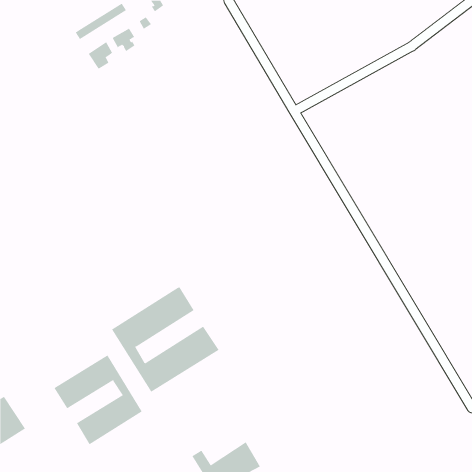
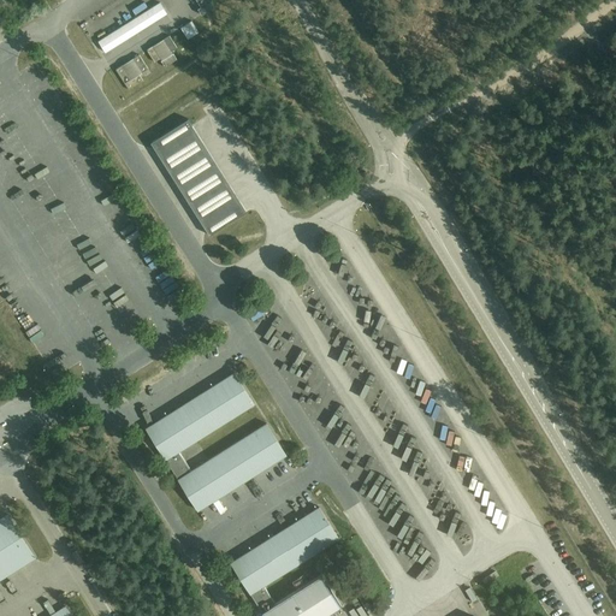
building: none -> [149,120,245,236]
building: [53,355,143,445] -> none
building: none -> [230,508,337,594]

